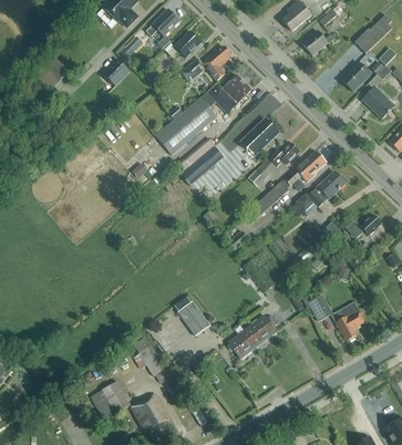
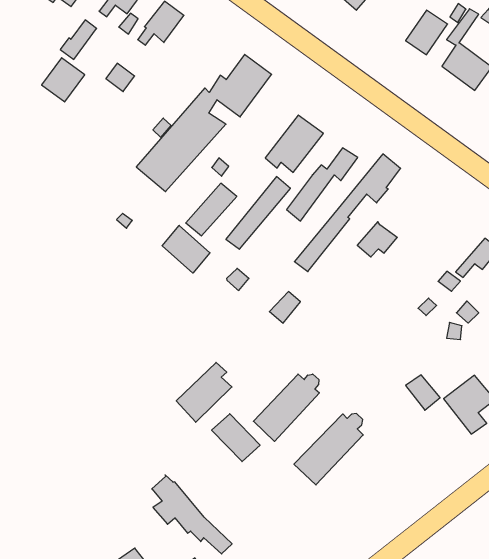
building: [182,46,230,81] -> none
building: [307,170,346,207] -> none
building: none -> [162,225,210,273]
building: none -> [176,362,232,422]
building: none -> [253,374,319,441]

